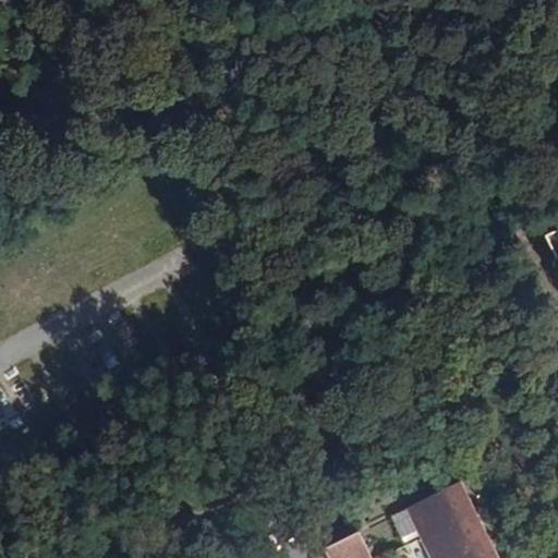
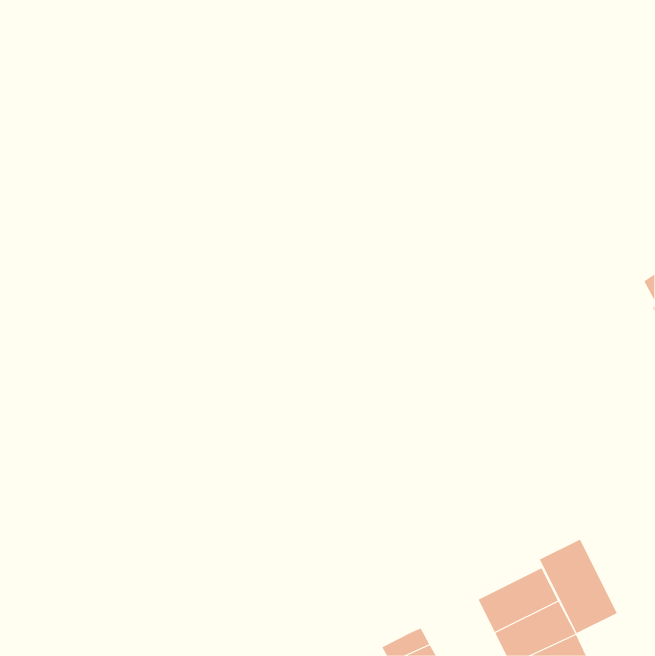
building: none -> [539,539,617,634]

